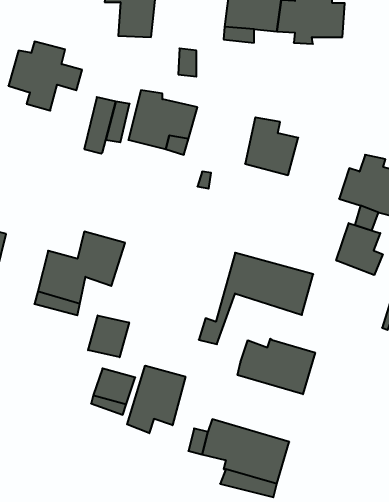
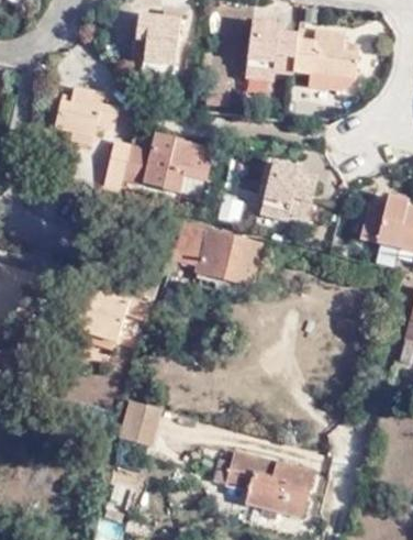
building: [336,223,383,275] -> none
building: [199,253,313,344] -> [149,221,260,310]
building: [88,315,129,357] -> none
building: [238,339,315,394] -> none
building: [127,366,185,433] -> none

